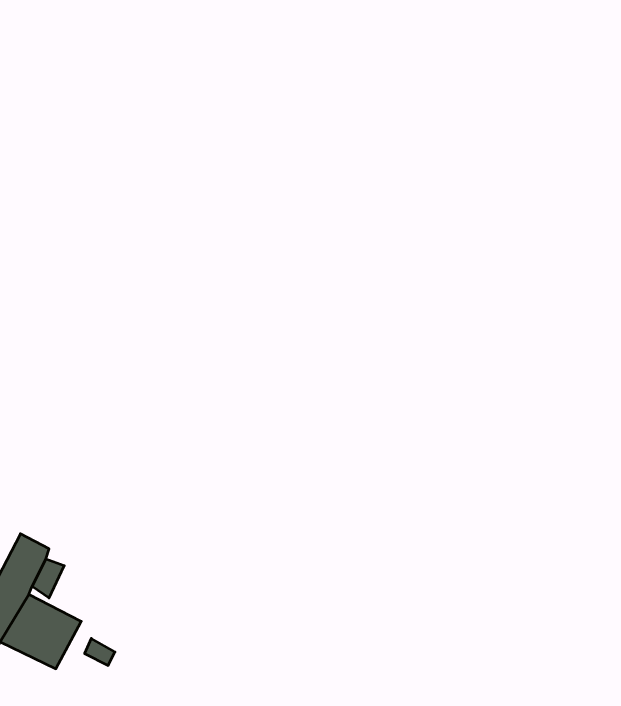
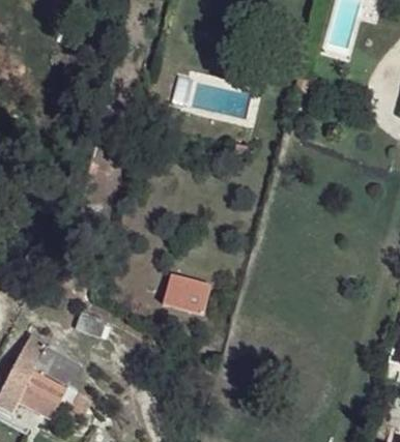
building: none -> [165,272,210,314]

